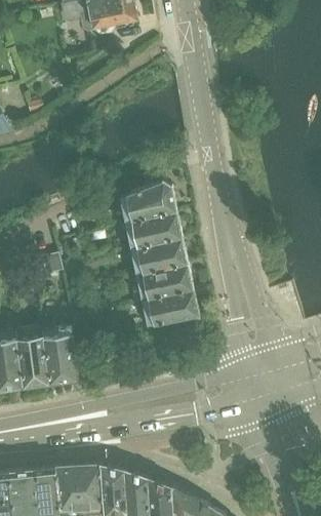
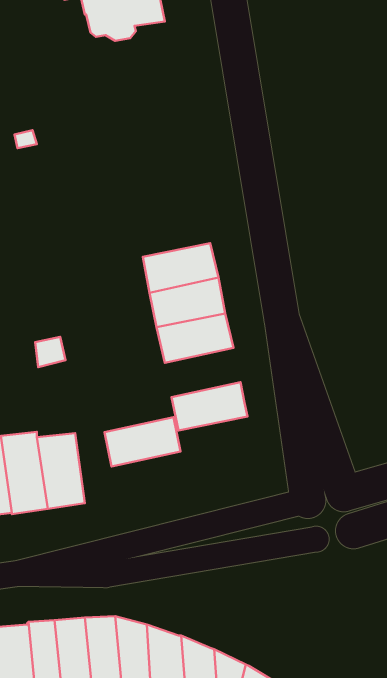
building: [136,264,193,301] -> [105,417,180,467]

